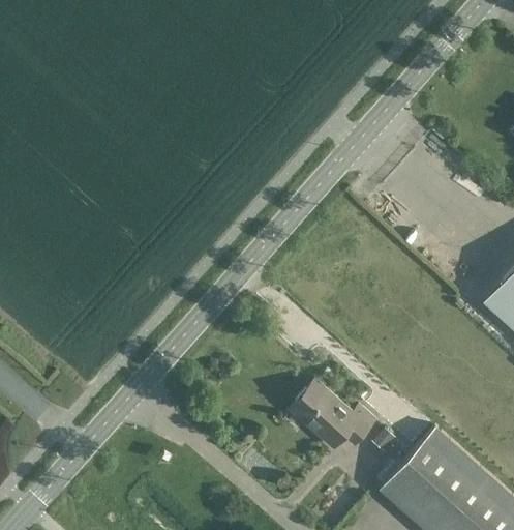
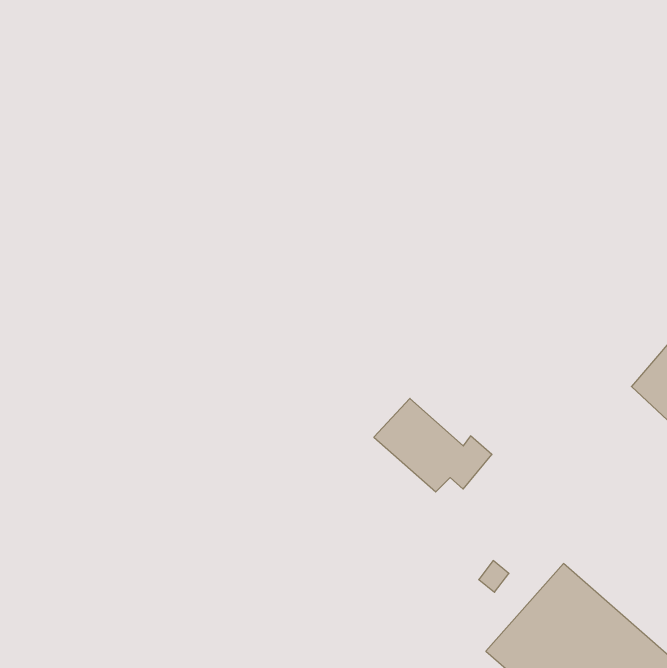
building: [290,383,374,450] -> [374,398,492,492]

